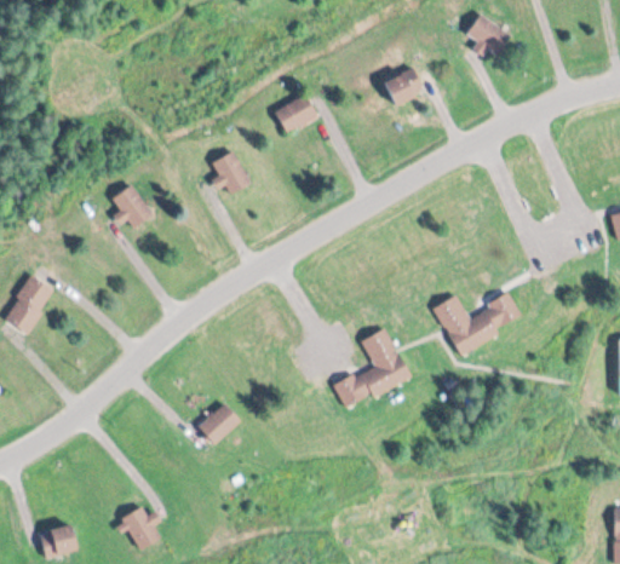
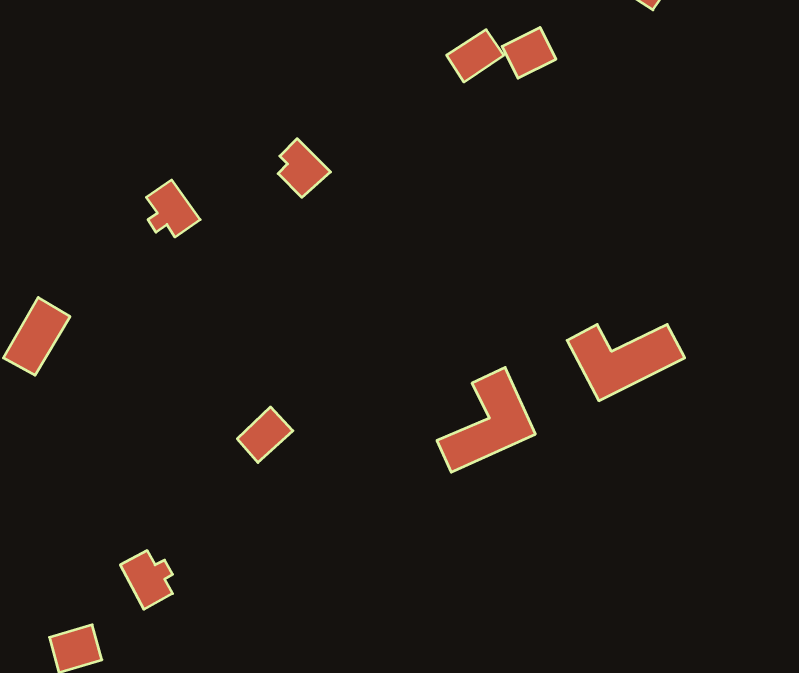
building: [275,94,318,134] -> [447,30,504,82]
building: [199,402,241,444] -> [237,407,293,463]
building: [121,506,161,551] -> [120,551,173,609]

